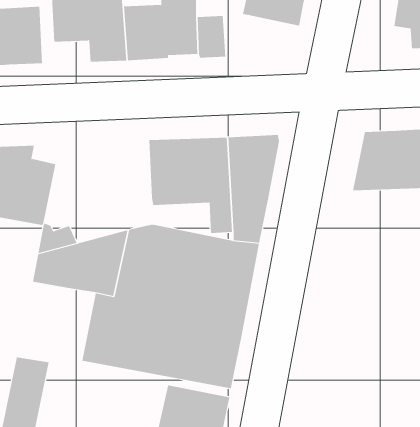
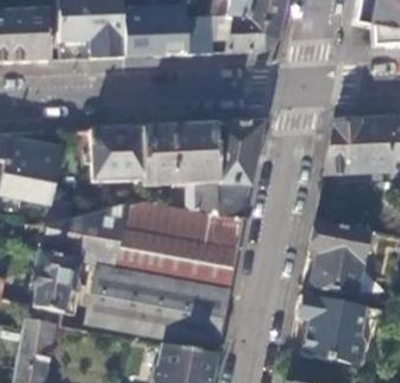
building: none -> [226,15,279,51]
building: none -> [90,126,146,180]
building: none -> [311,220,375,293]
building: none -> [26,252,75,325]
building: none -> [296,294,358,360]

